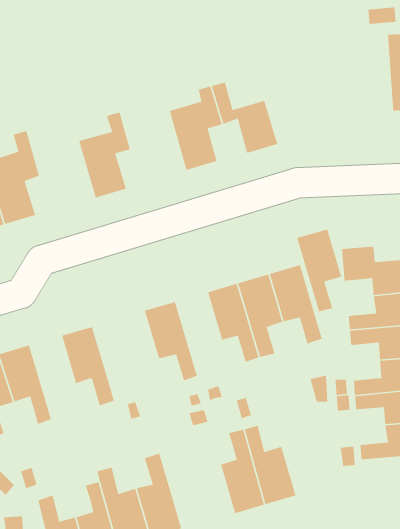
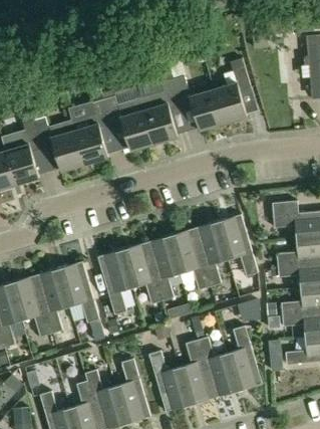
building: none -> [214,58,251,124]
building: none -> [103,95,153,151]
building: none -> [34,116,84,172]
building: [296,228,342,313] -> [145,236,181,300]
building: none -> [97,250,132,315]
building: none -> [34,269,69,334]
building: none -> [227,327,262,392]
building: none -> [149,351,191,412]

